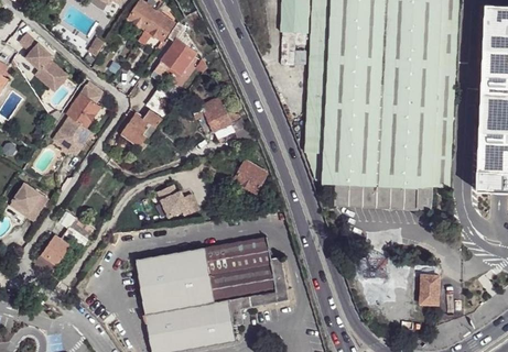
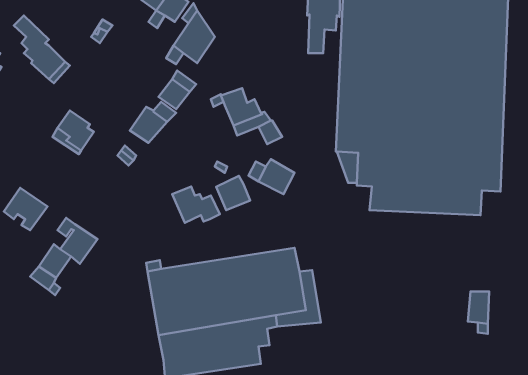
building: [66,80,105,129] -> none
building: none -> [216,176,250,210]

